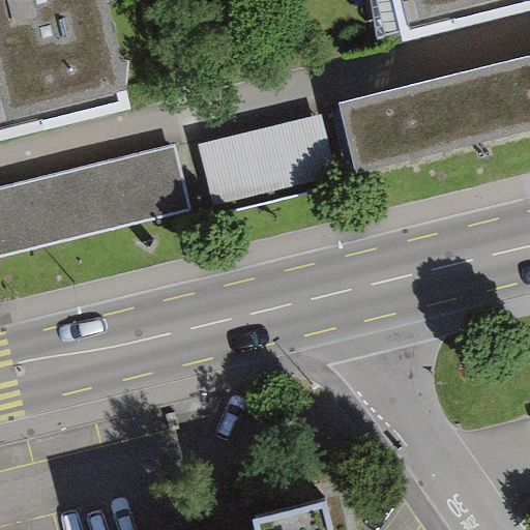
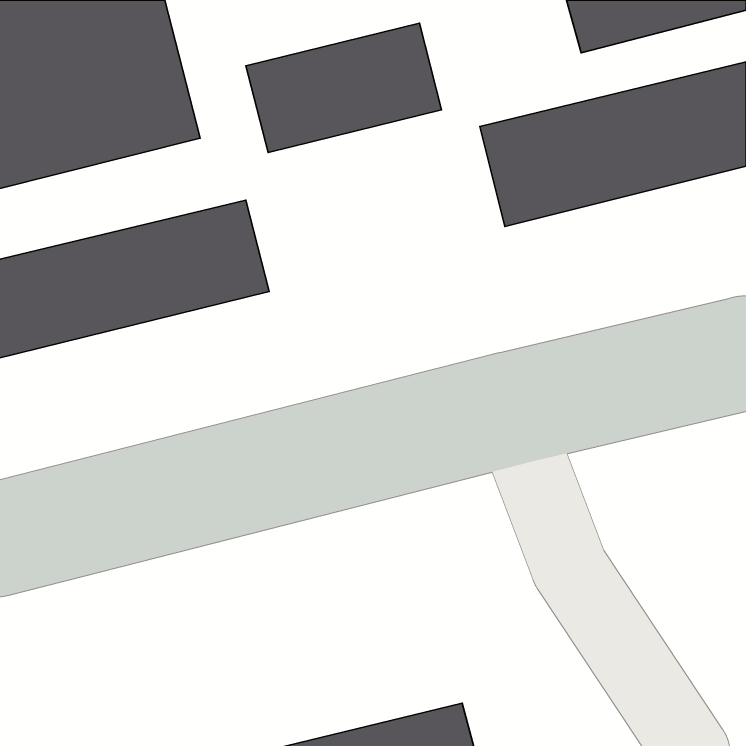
building: [197,114,334,205] -> [246,23,442,153]

